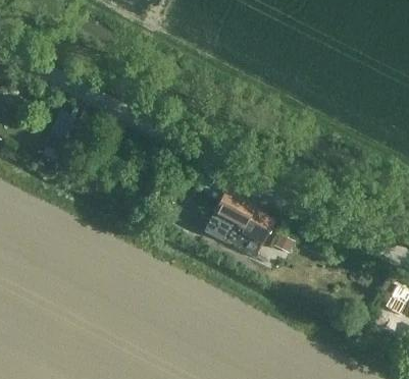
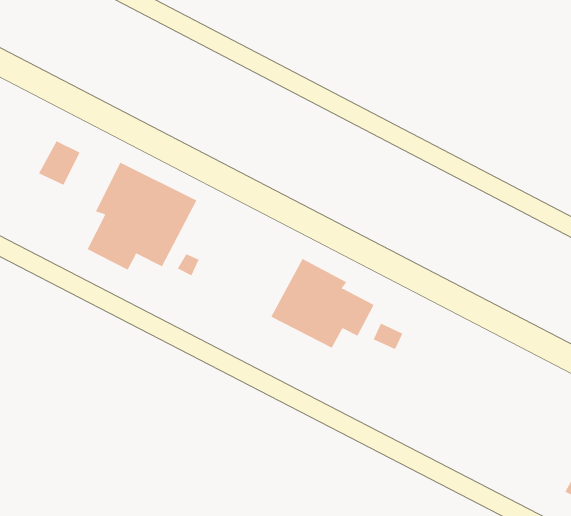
building: none -> [87,162,197,270]

